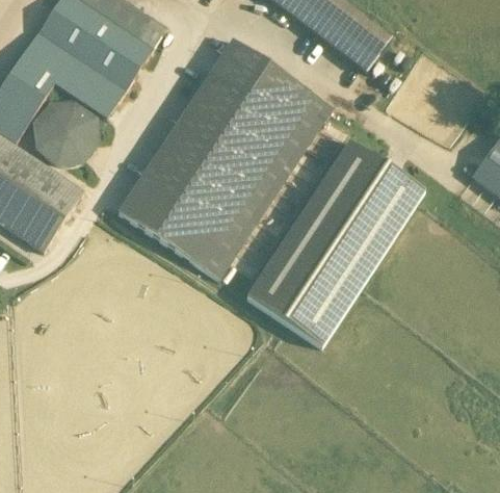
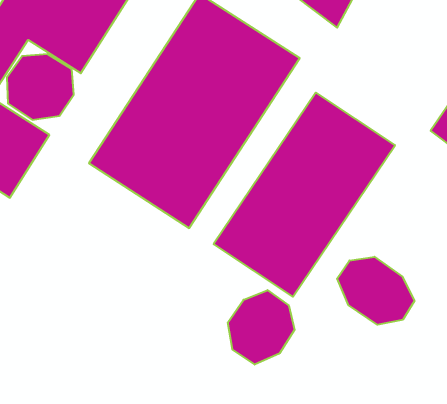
building: none -> [337,257,414,325]
building: none -> [228,290,295,365]

